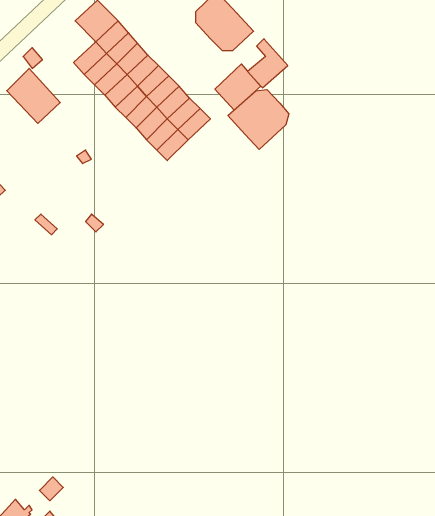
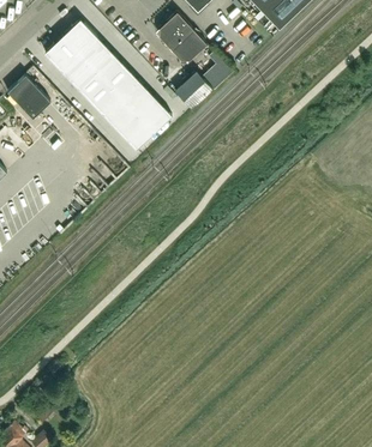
building: none -> [44,36,79,70]
building: [228,90,289,149] -> none

